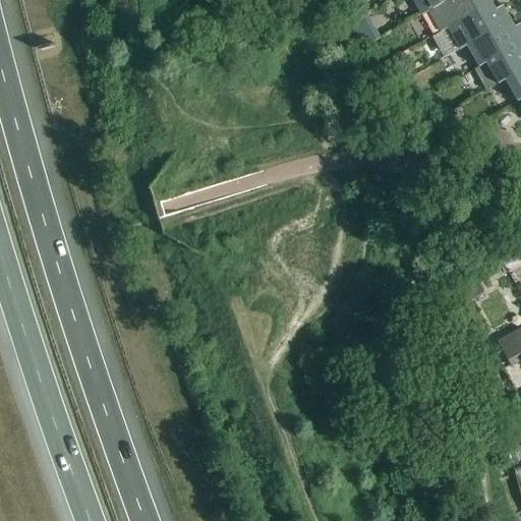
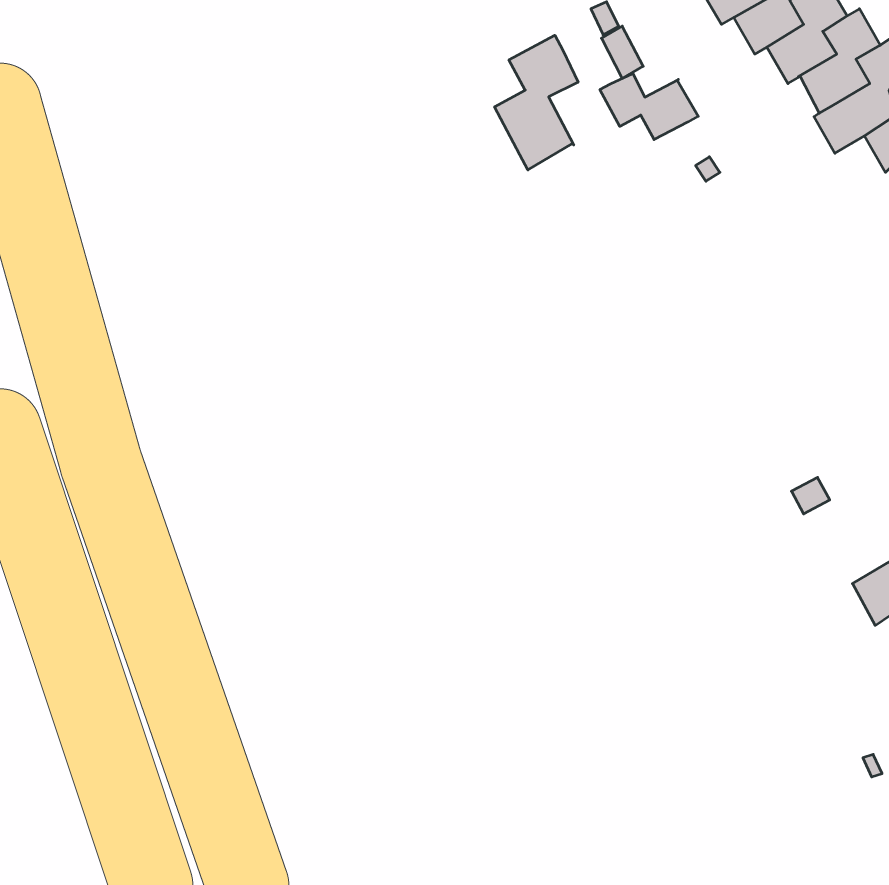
building: none -> [495,35,578,170]
building: none -> [600,73,698,140]

